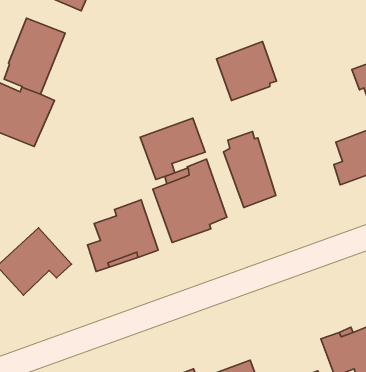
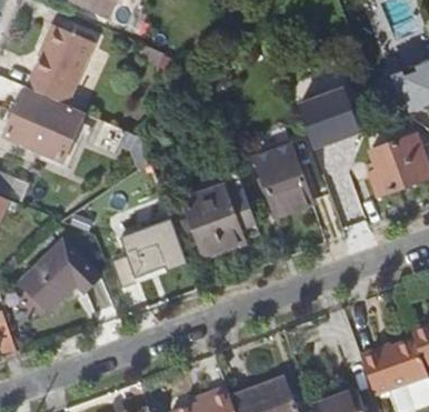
building: [216,42,276,100] -> [297,87,359,148]
building: [140,118,205,180] -> none

